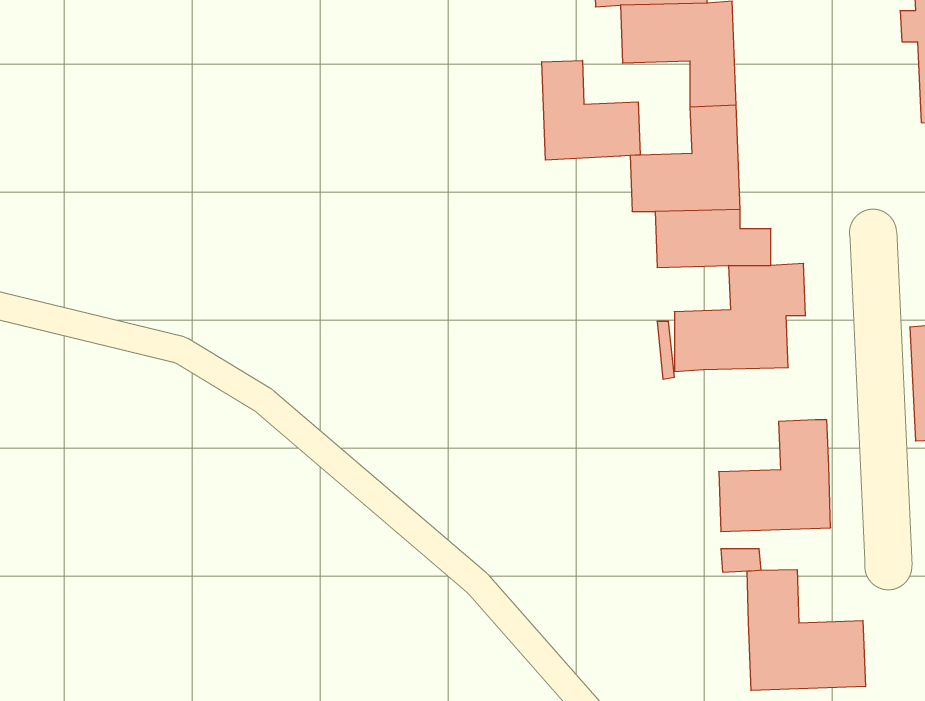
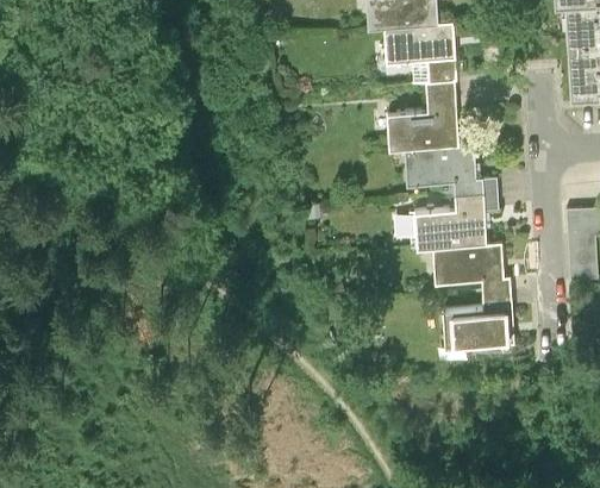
building: [542,60,640,160] -> none
building: none -> [436,248,505,282]
building: [747,570,865,691] -> none

